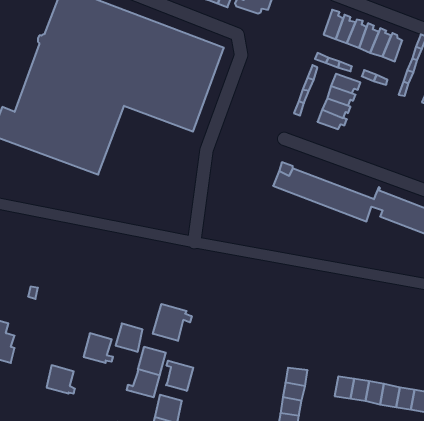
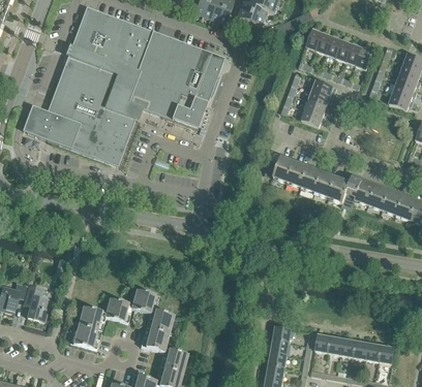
building: [153,304,192,341] -> none
building: none -> [78,305,101,329]
building: [166,361,193,391] -> none

